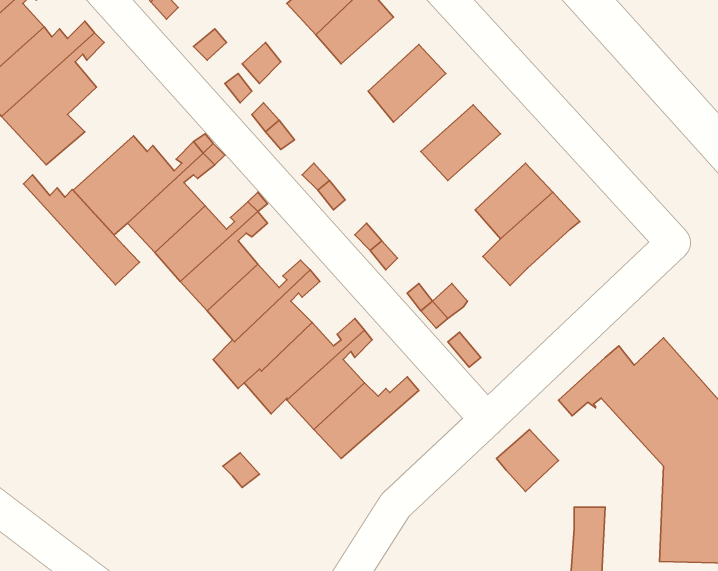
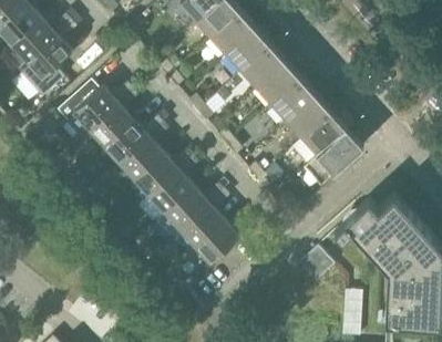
building: none -> [210,12,255,54]
building: none -> [240,44,286,89]
building: none -> [271,79,316,122]
building: [23,175,139,285] -> none
building: none -> [304,128,363,186]

